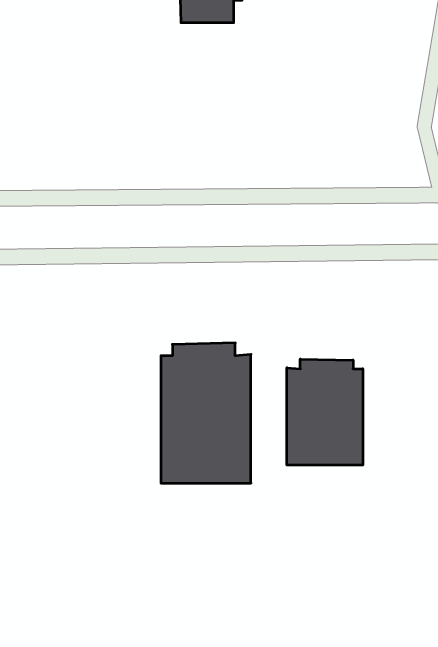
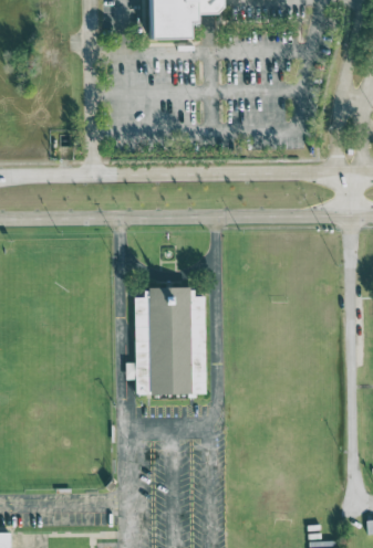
building: [287,359,363,465] -> none

